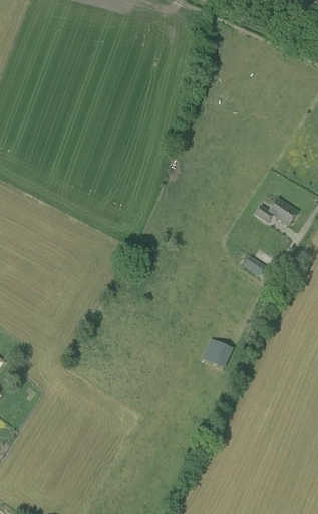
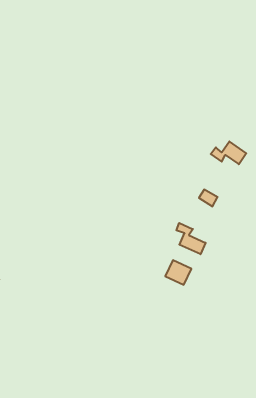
building: none -> [176,223,206,254]

